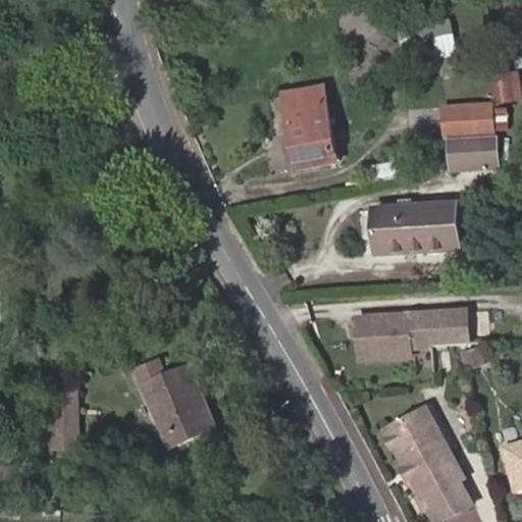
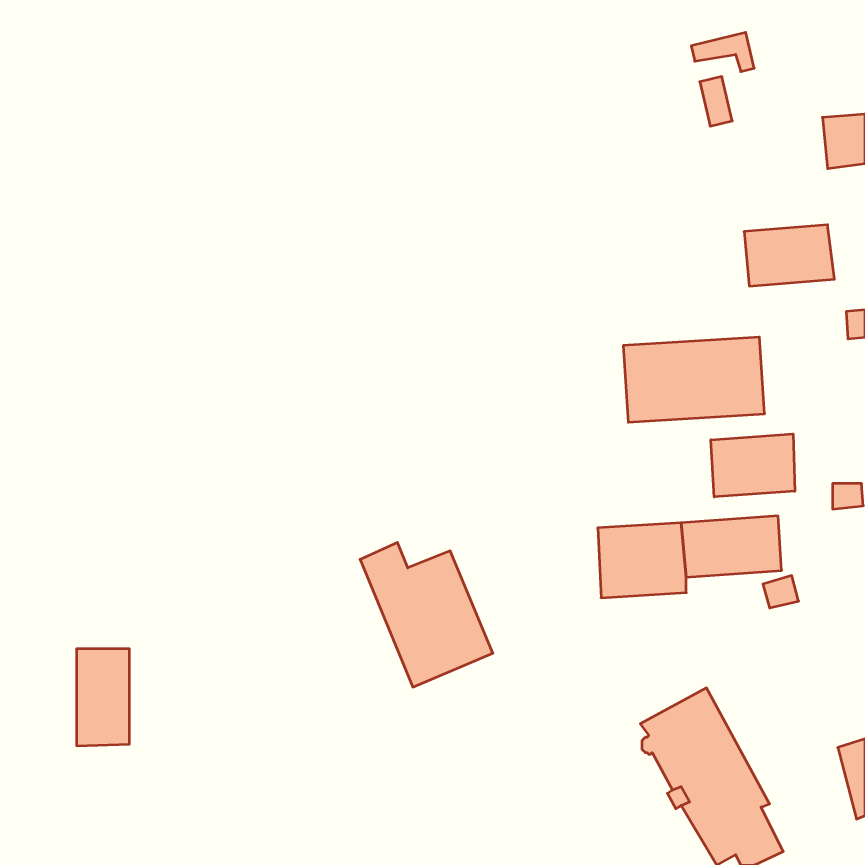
building: [283,86,335,167] -> none
building: [440,100,495,139] -> none
building: none -> [711,434,795,497]
building: [137,360,216,447] -> [360,542,493,687]

